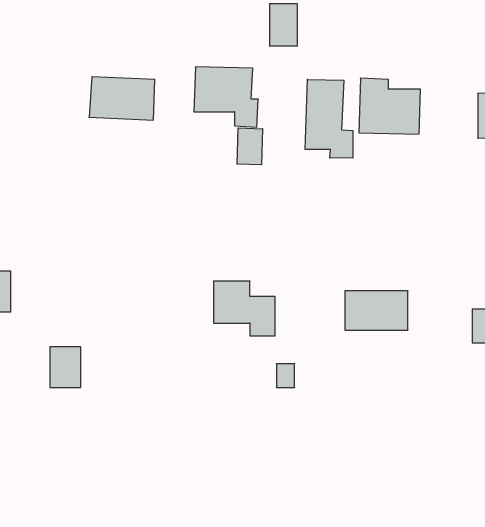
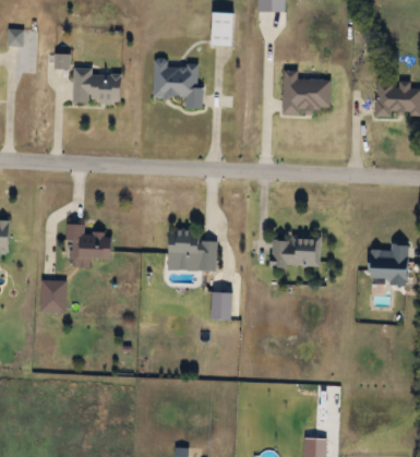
building: [305,79,353,158] -> none
building: [237,128,263,165] -> none
building: none -> [65,224,112,265]

